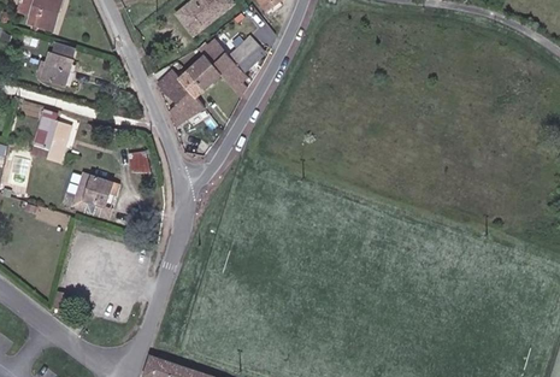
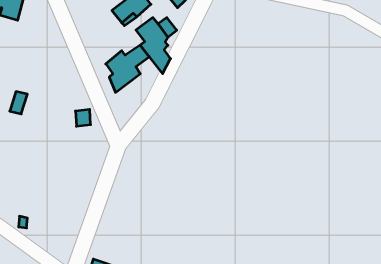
building: [42,41,77,83] -> none
building: [77,177,107,213] -> none

